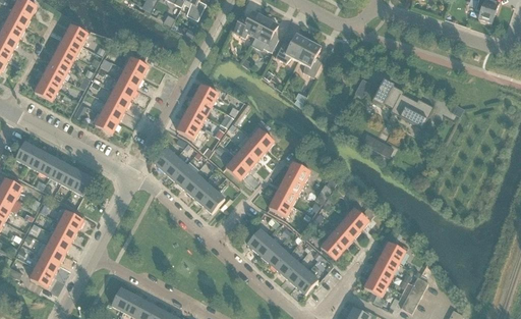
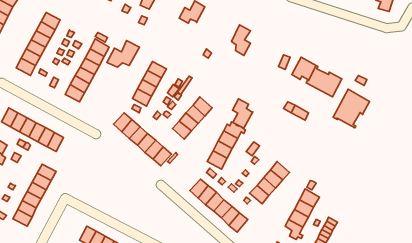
building: [250,16,278,51] -> none
building: [275,33,307,61] -> none
building: none -> [107,41,140,67]
building: none -> [333,89,370,128]
building: none -> [233,99,253,128]

